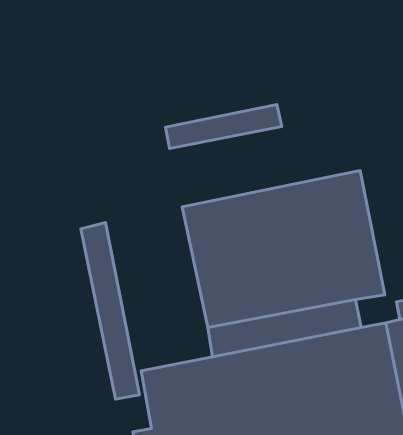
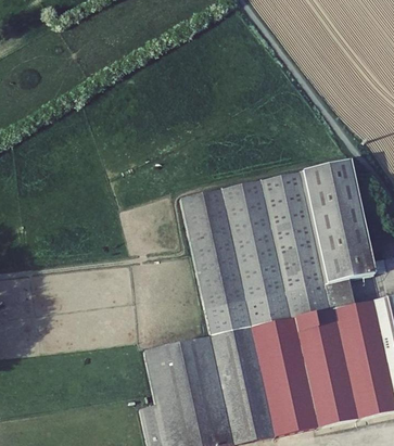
building: [166,104,282,149] -> none
building: [81,223,140,399] -> none

